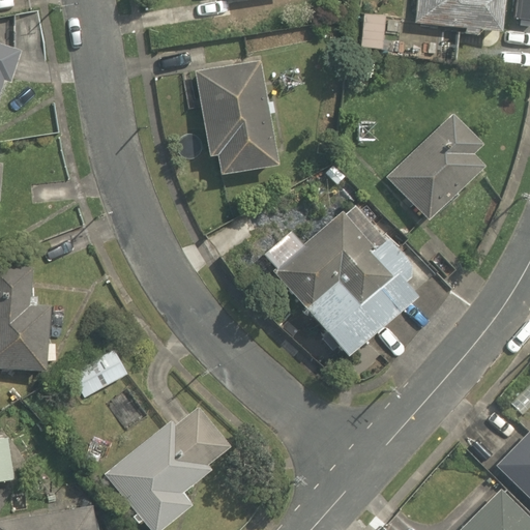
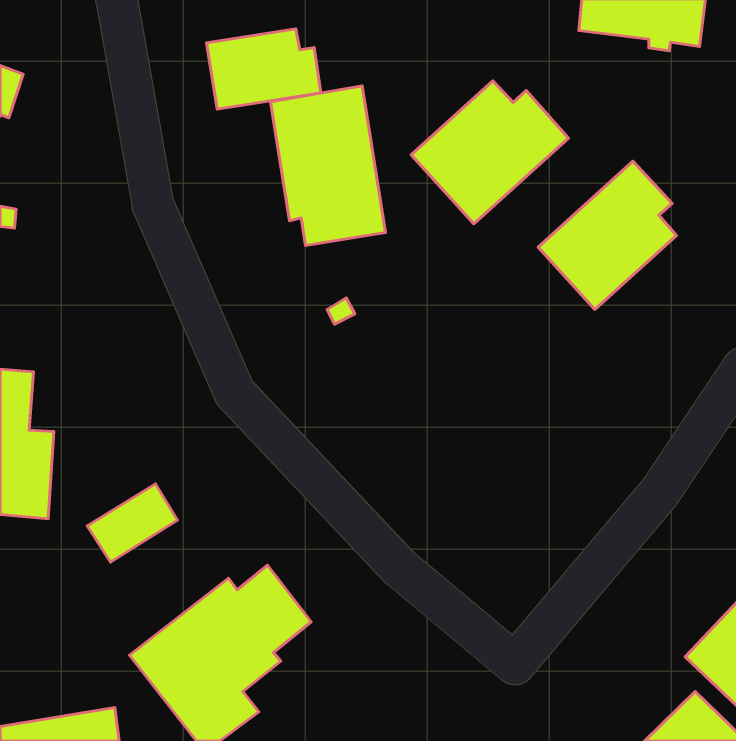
building: none -> [206,29,321,109]
building: none -> [411,81,568,224]
building: [269,210,425,356] -> none

